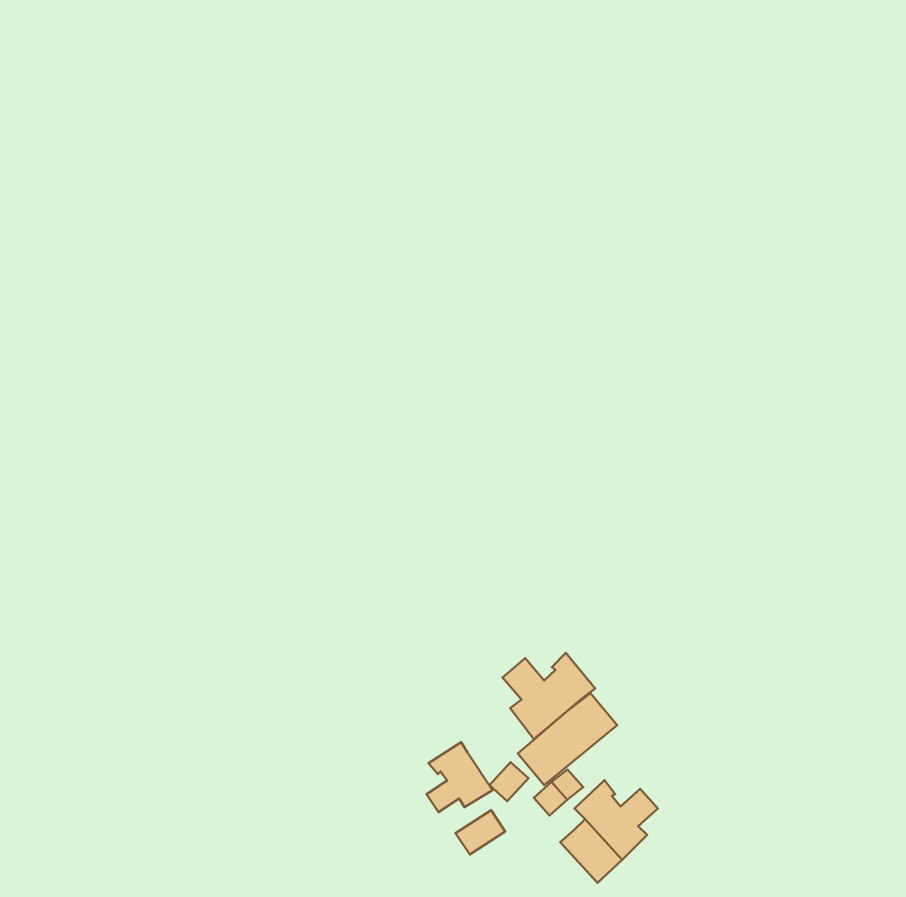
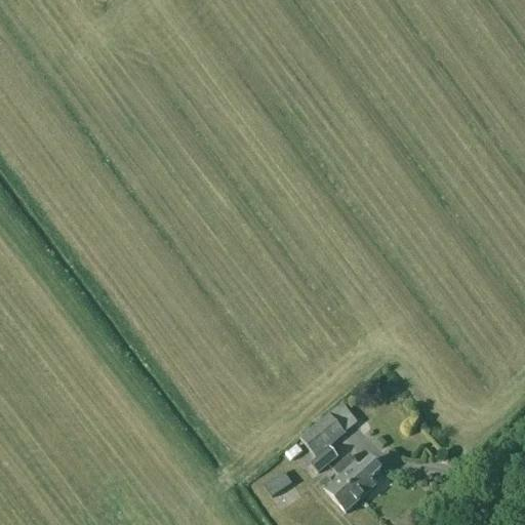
building: [502,653,595,739] -> none
building: [427,742,493,812] -> none

